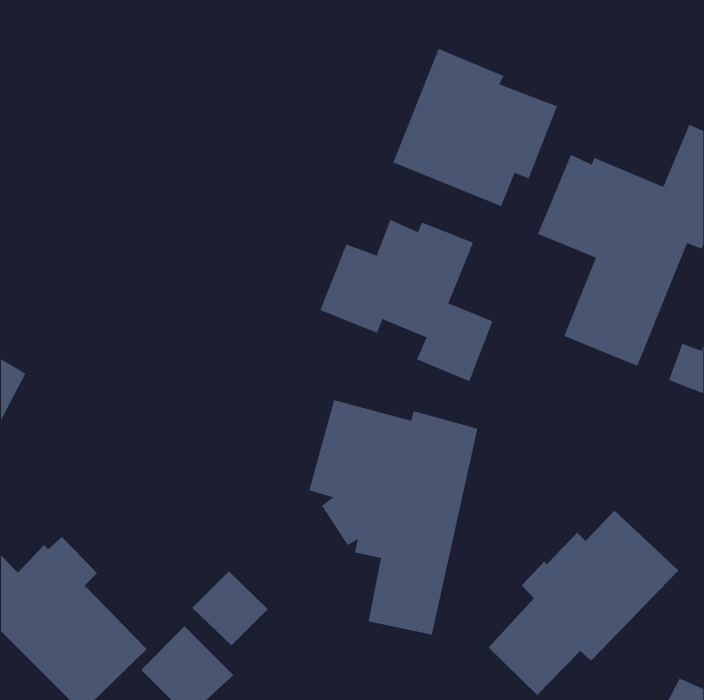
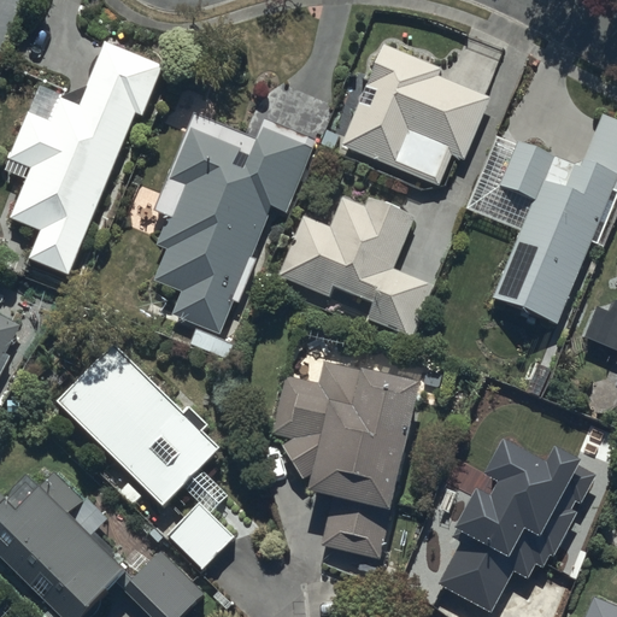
building: none -> [7,43,161,274]
building: none -> [154,113,317,335]
building: none -> [57,342,221,505]

